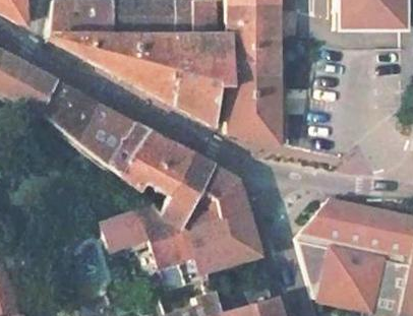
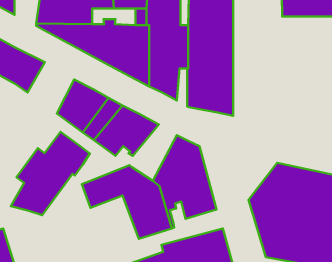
building: [39,80,94,140] -> none
building: [162,153,215,219] -> none
building: none -> [11,132,90,215]

